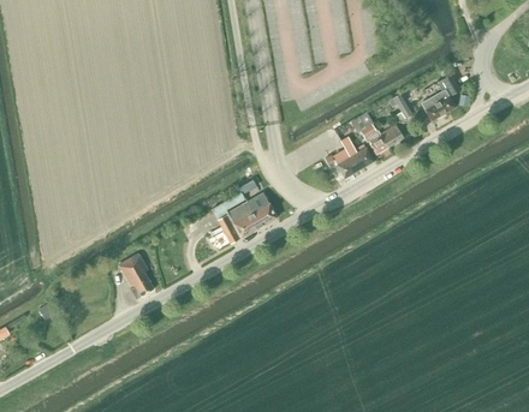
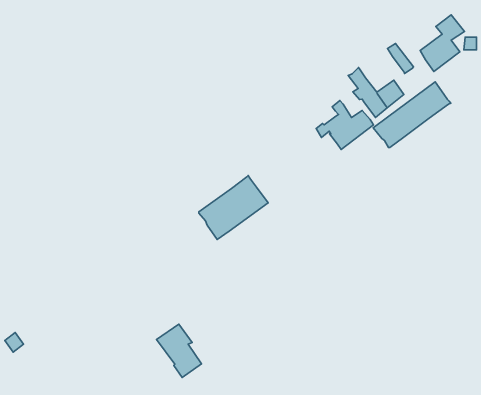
building: none -> [373,82,451,148]
building: [118,252,154,298] -> [157,324,202,377]

